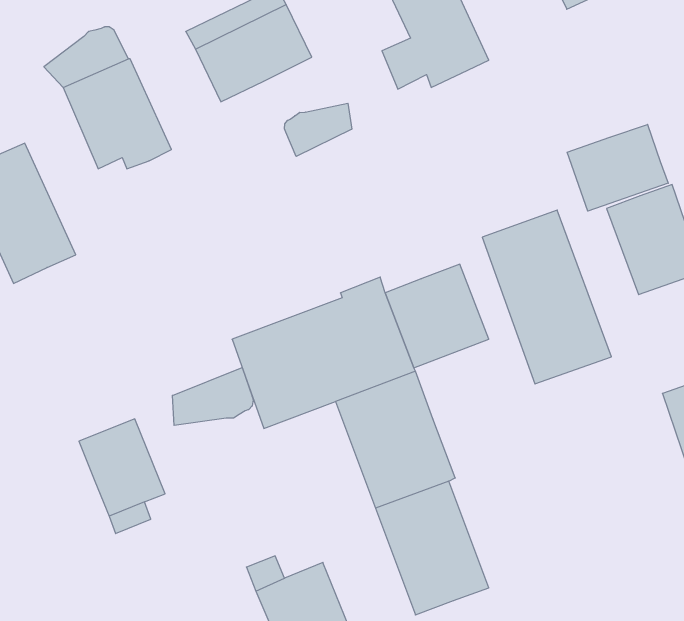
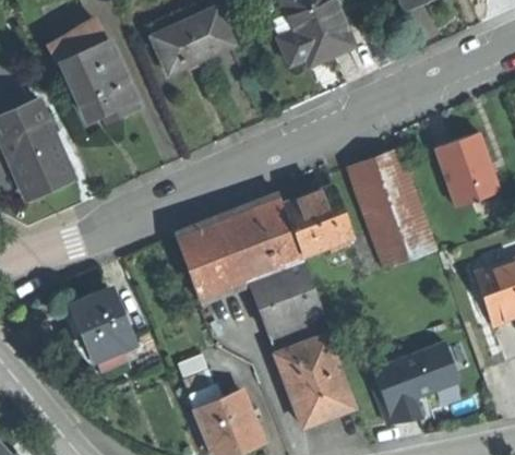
building: [284,103,352,156] -> none
building: [567,124,668,211] -> none
building: [172,367,253,425] -> none
building: none -> [368,343,457,422]

